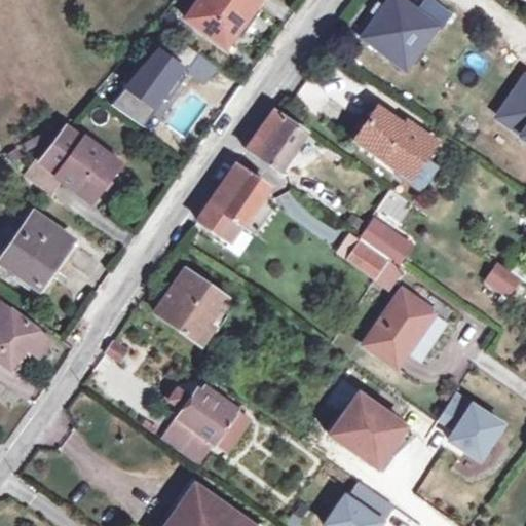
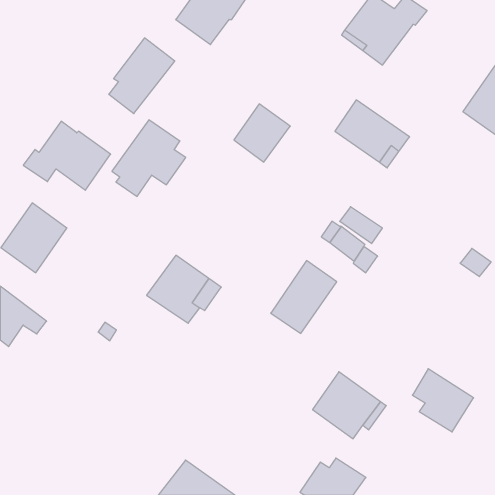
building: [198,164,276,246] -> [112,120,186,196]
building: [364,289,434,366] -> [271,261,337,333]
building: [162,383,249,461] -> none

